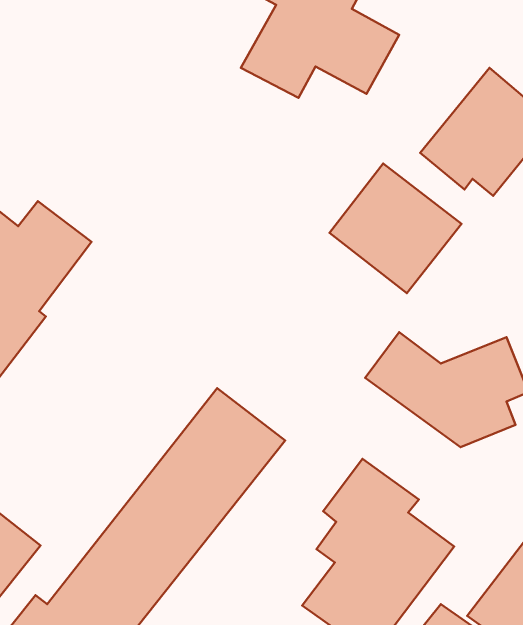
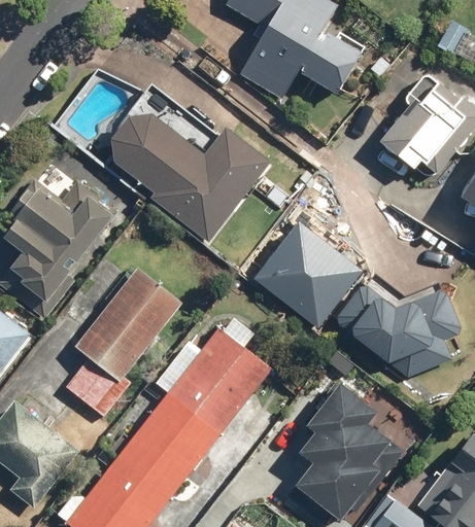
building: none -> [110,114,271,244]
building: [329,163,462,293] -> [258,222,362,324]
building: none -> [66,266,183,416]

